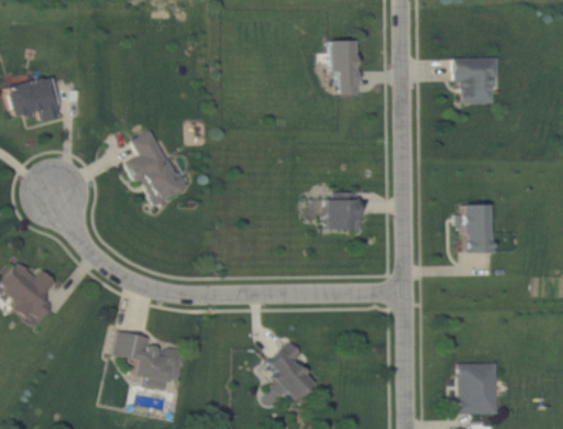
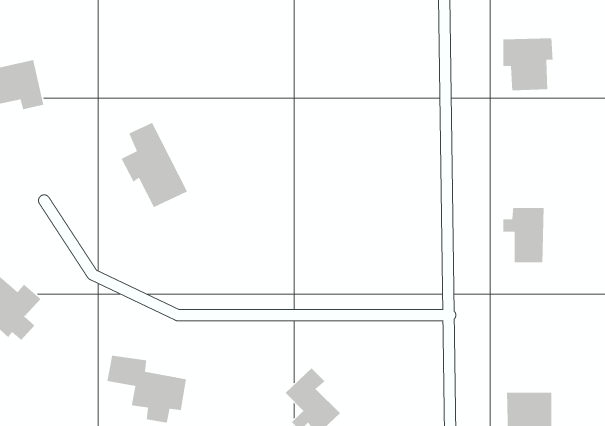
building: [330,40,360,95] -> none
building: [325,194,360,229] -> none

